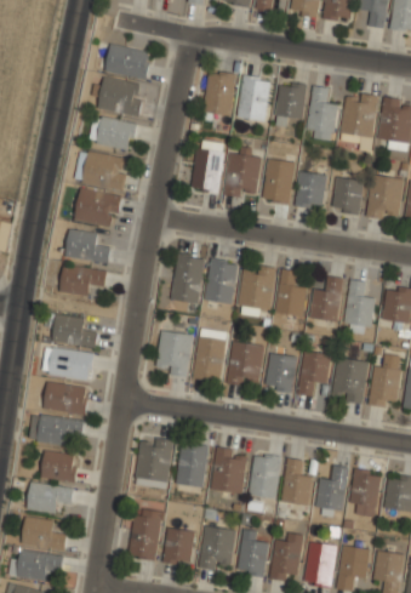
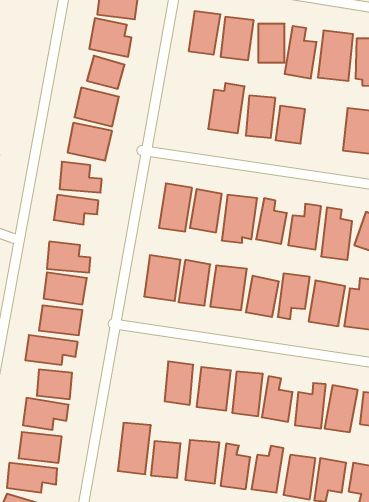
building: [190,142,226,193] -> none
building: [331,176,364,216] -> none
building: [135,435,173,487] -> none

